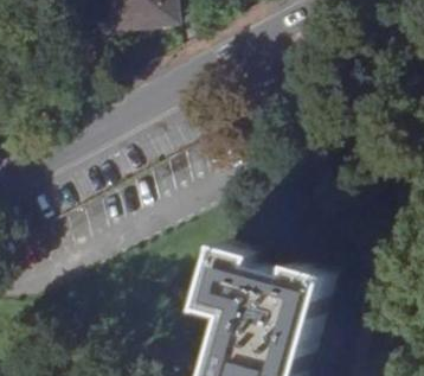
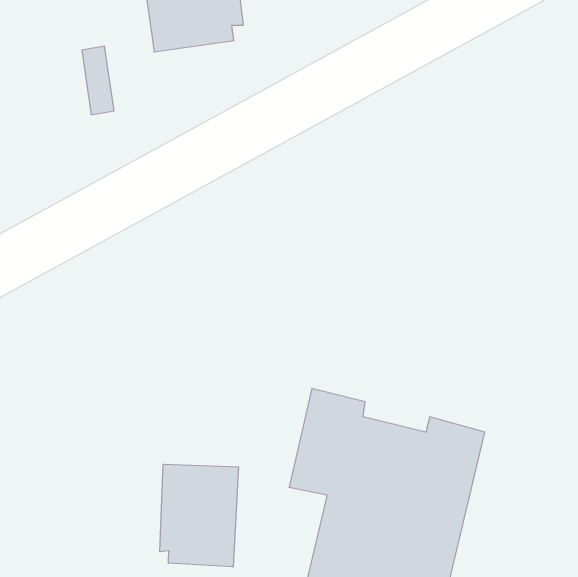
building: none -> [160,464,238,567]

